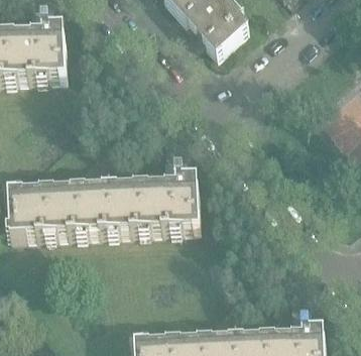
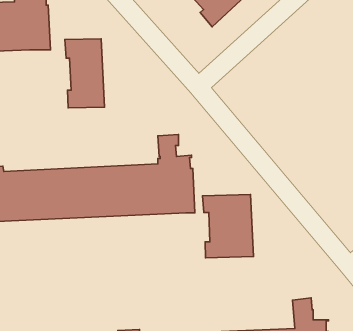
building: none -> [65,39,105,108]
building: none -> [203,195,254,258]

